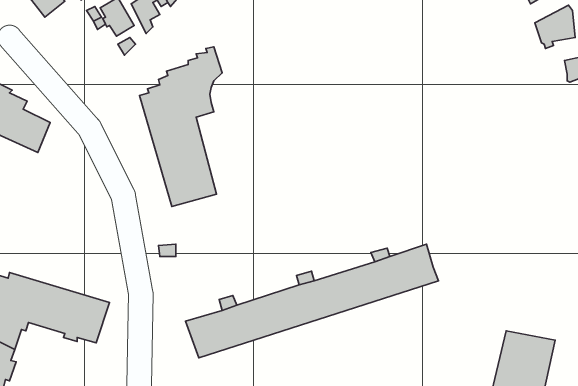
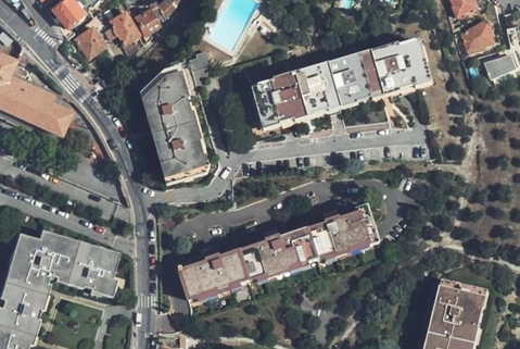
building: none -> [76,28,105,58]
building: none -> [255,40,427,123]

